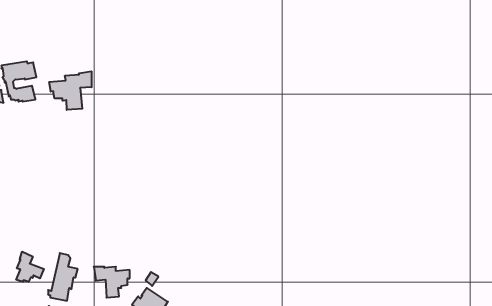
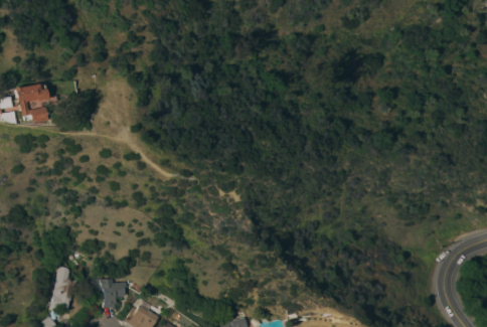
building: [49,71,92,110] -> none
building: [16,252,44,282] -> none

